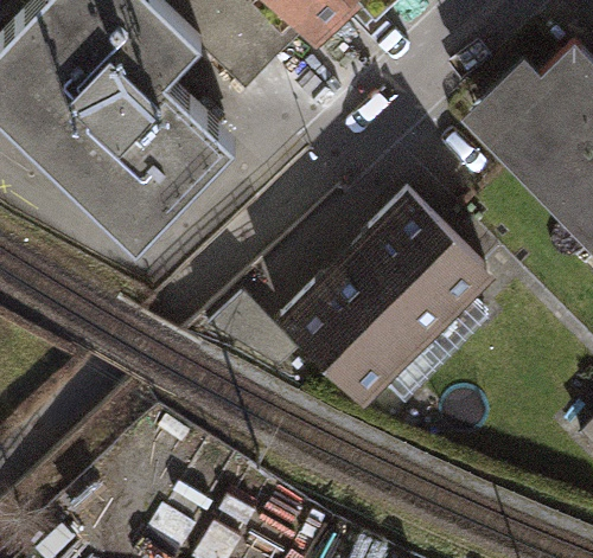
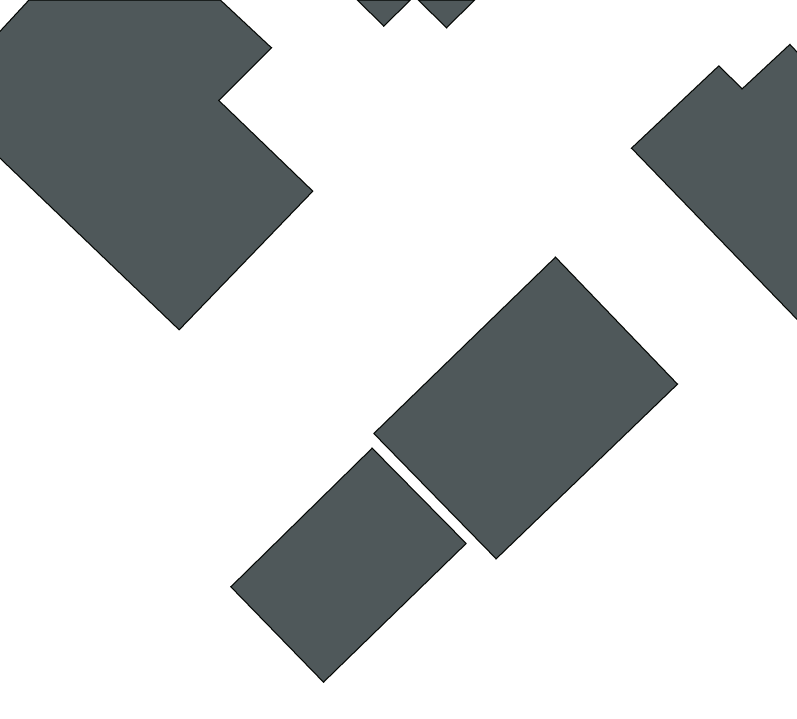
building: none -> [231,448,466,682]

